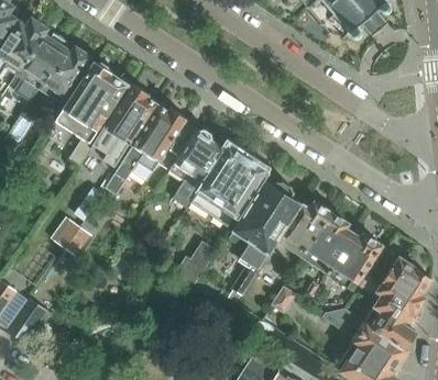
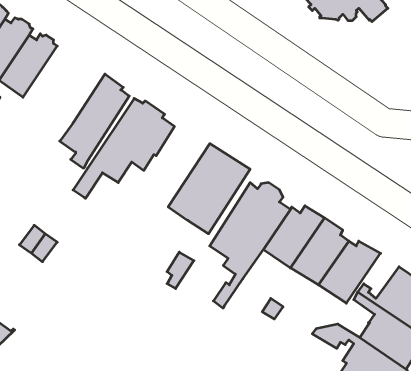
building: [50,62,128,174] -> none
building: [167,130,228,202] -> none

